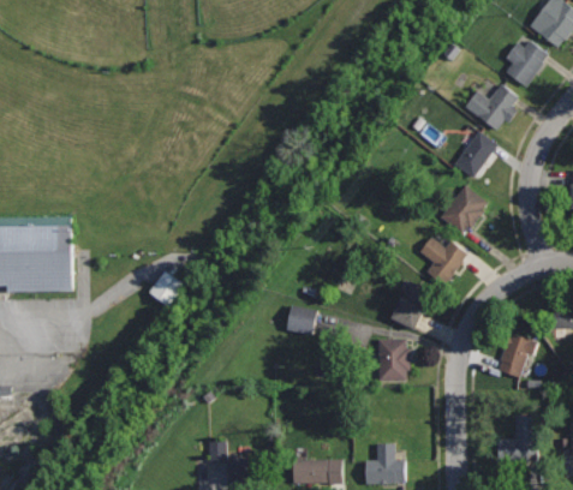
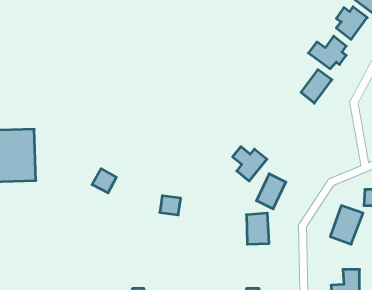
building: [440,185,487,234] -> none
building: [419,237,468,286] -> [233,147,267,181]
building: [291,309,321,336] -> [160,196,181,215]

